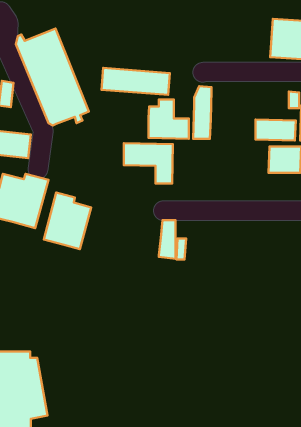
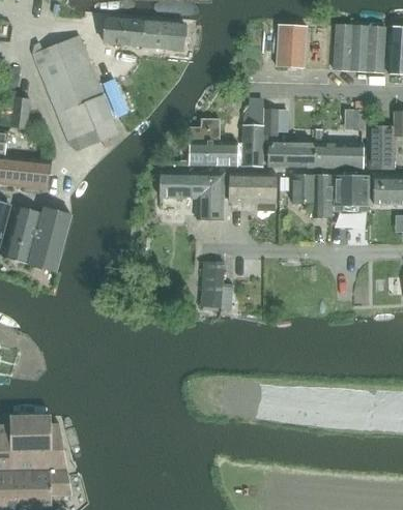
building: none -> [277,25,306,67]
building: [101,68,170,95] -> [104,18,184,50]
building: none -> [262,109,315,167]
building: none -> [217,172,276,221]
building: none -> [292,174,332,217]
building: [44,192,91,249] -> none

